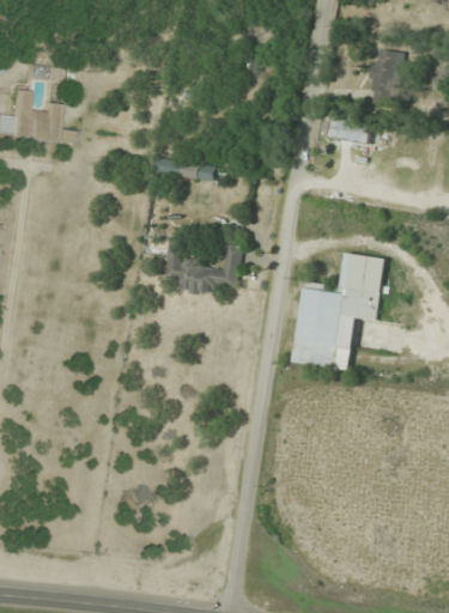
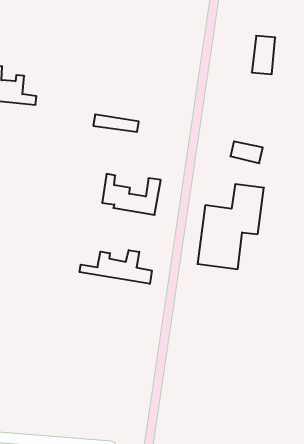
building: [328,117,372,147] -> [230,141,263,163]
building: none -> [79,250,152,284]

